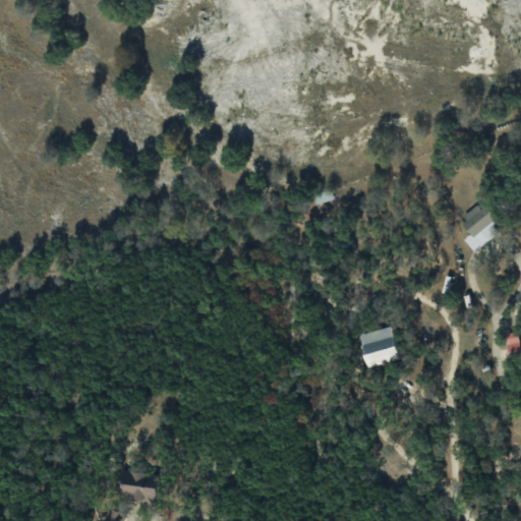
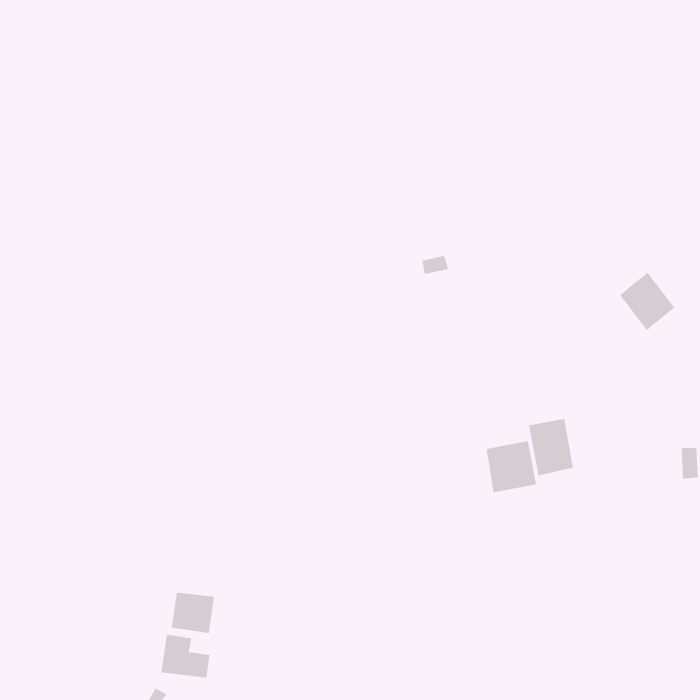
building: none -> [528,418,574,476]
building: none -> [171,592,214,634]

